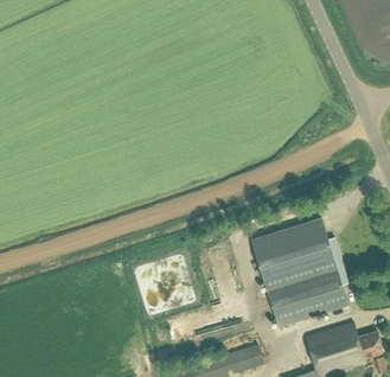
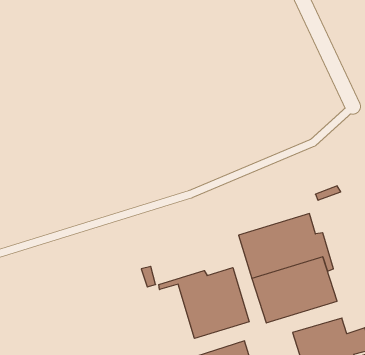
building: none -> [159,268,249,338]

